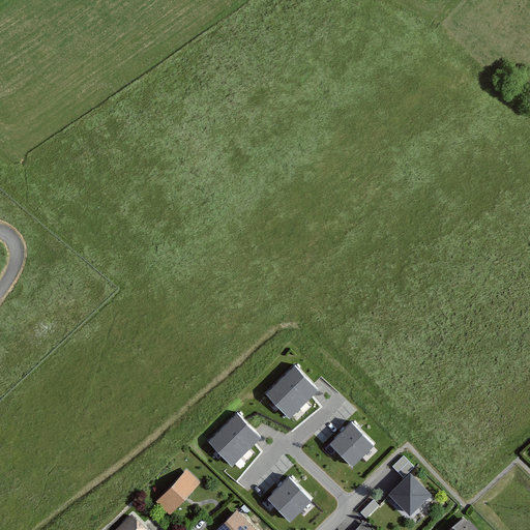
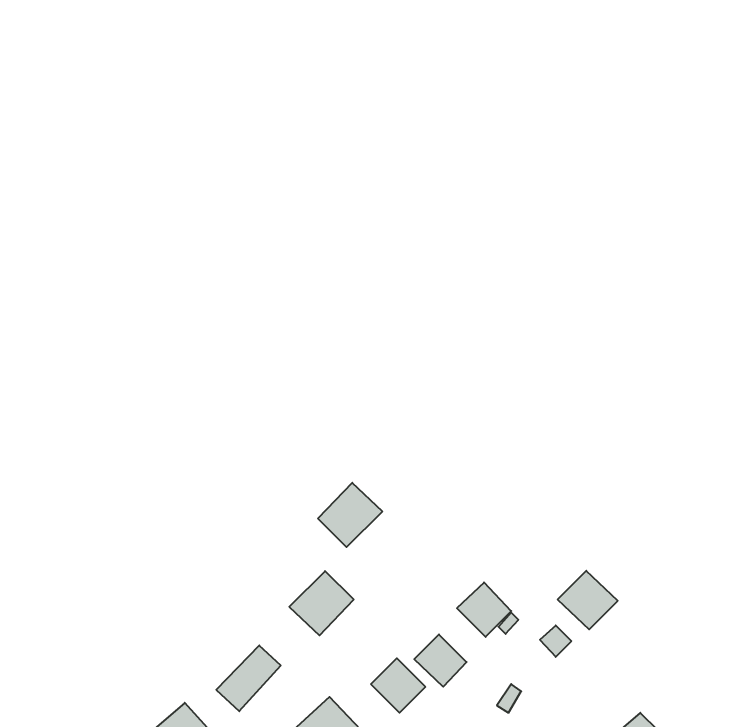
building: [267,369,314,415] -> [318,483,382,547]
building: none -> [414,634,467,687]
building: [390,474,434,517] -> [558,571,618,629]

